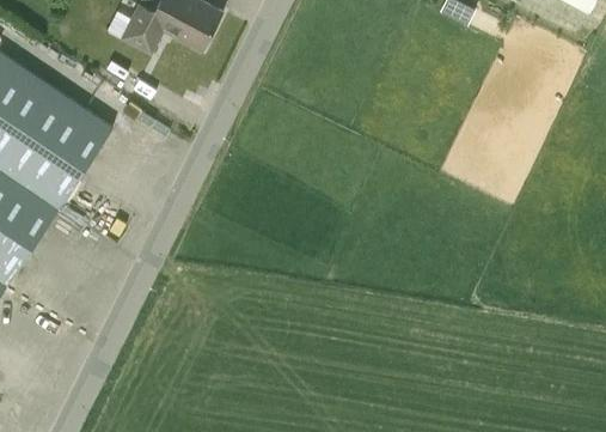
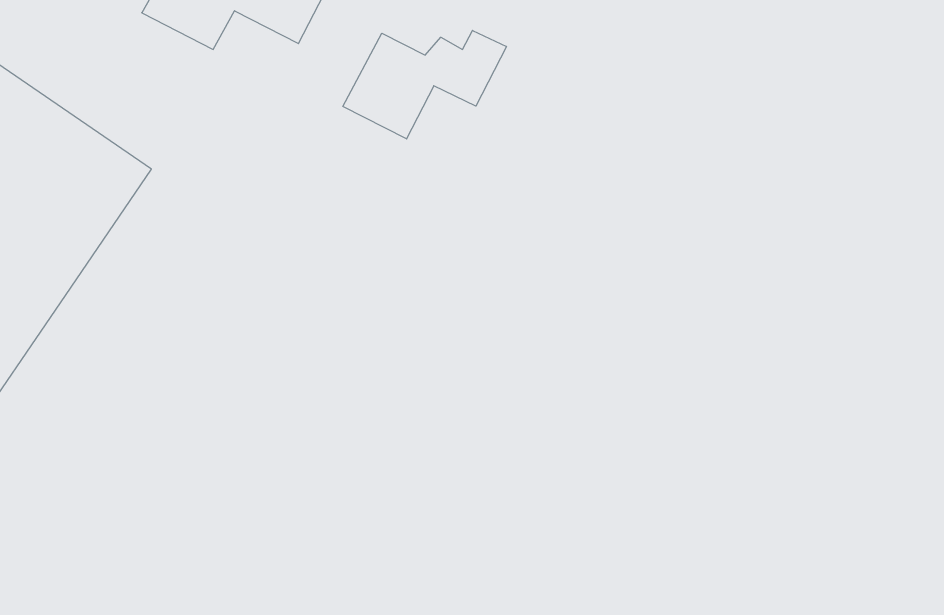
building: none -> [343,30,506,139]

